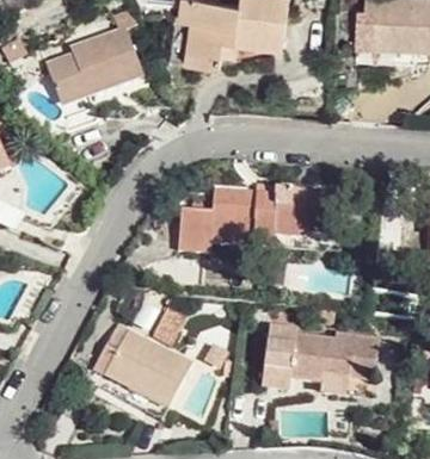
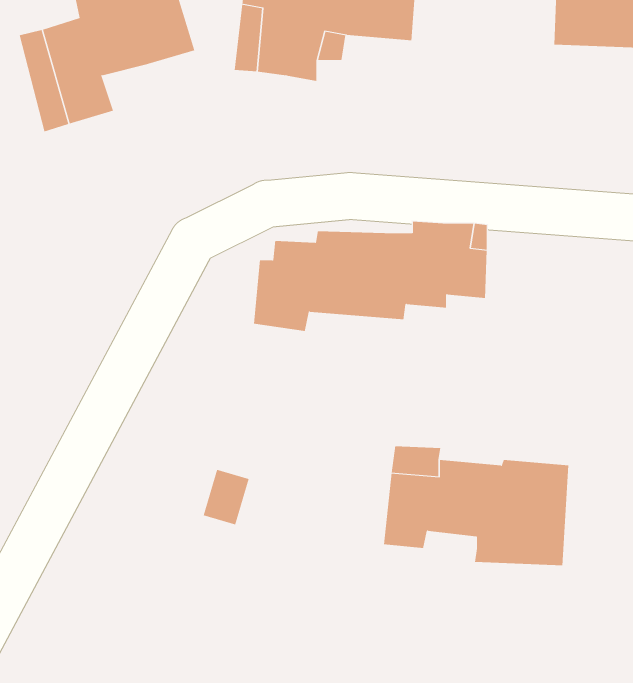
building: [93,339,184,416] -> none

